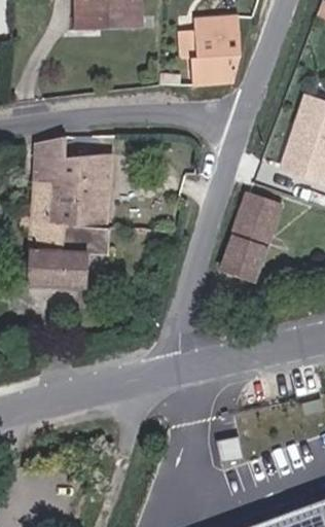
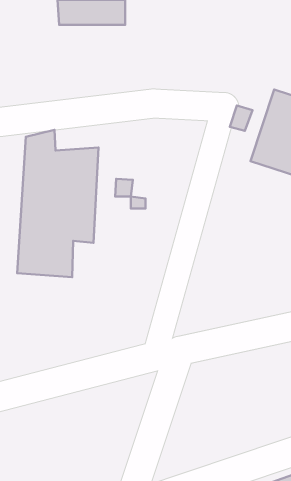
building: [189,15,241,87] -> none
building: [219,192,283,285] -> none

